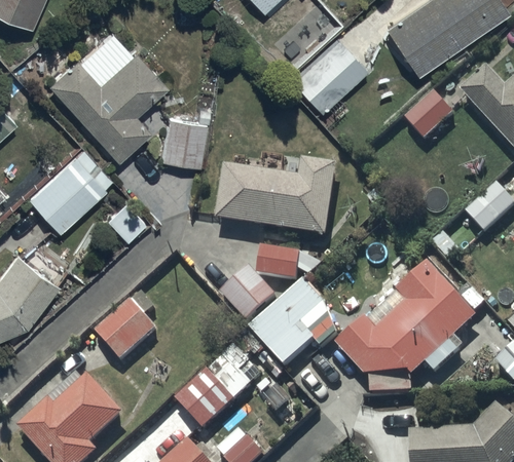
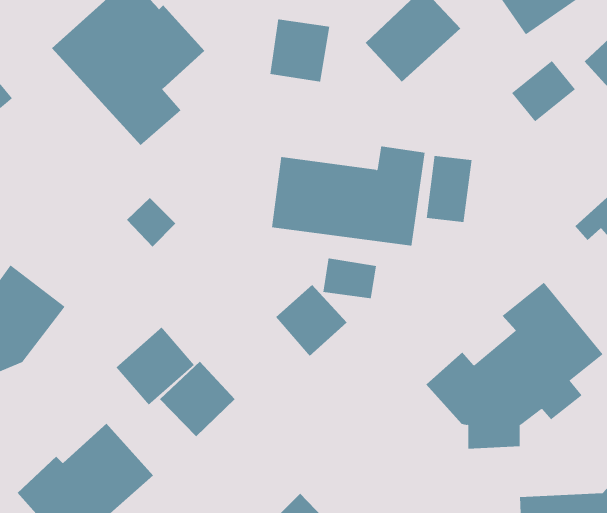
building: [160,114,208,163] -> [269,19,330,82]
building: [27,144,113,229] -> none
building: none -> [426,155,472,223]
building: [251,278,339,367] -> none
building: [177,369,236,428] -> [159,361,236,437]

